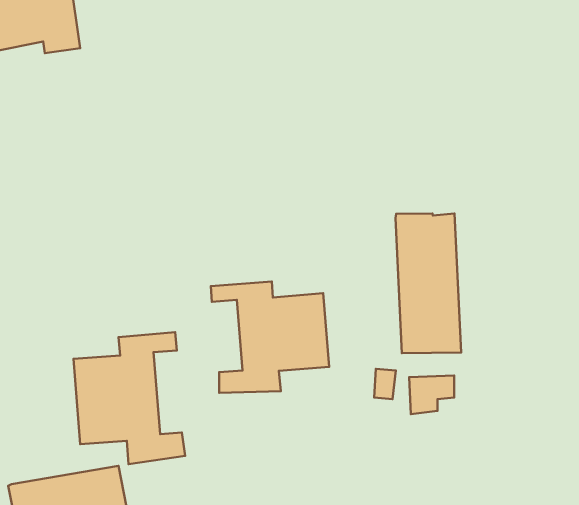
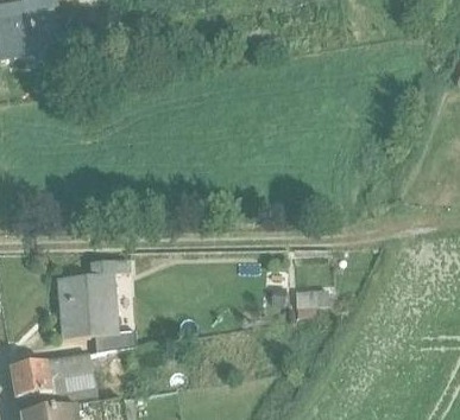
building: [396,213,461,353] -> none
building: [211,282,329,393] -> none

